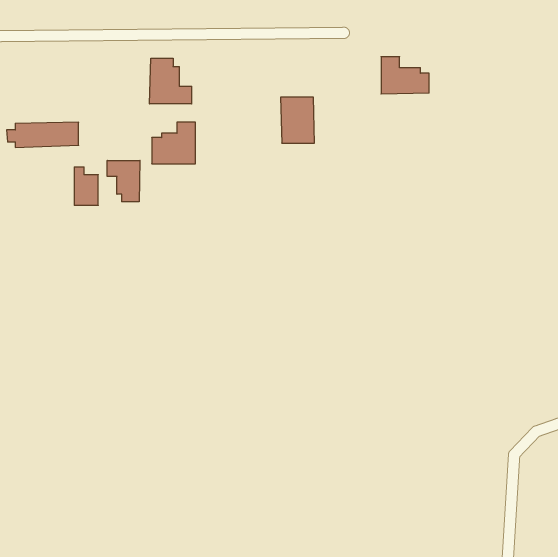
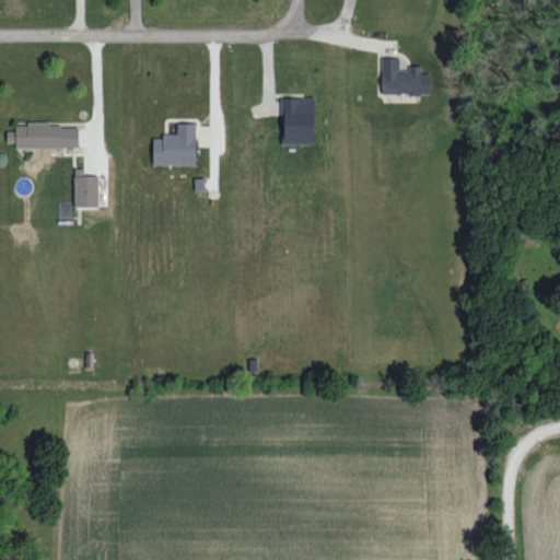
building: [150,58,192,104] -> none
building: [107,160,140,202] -> none

